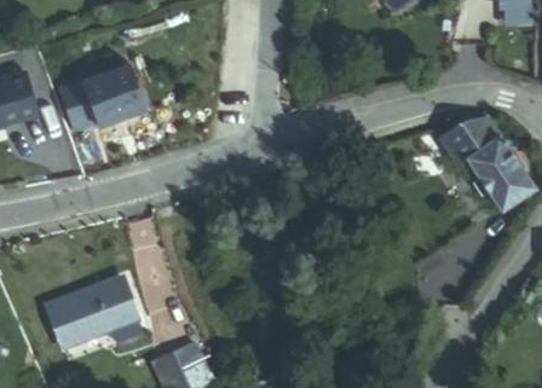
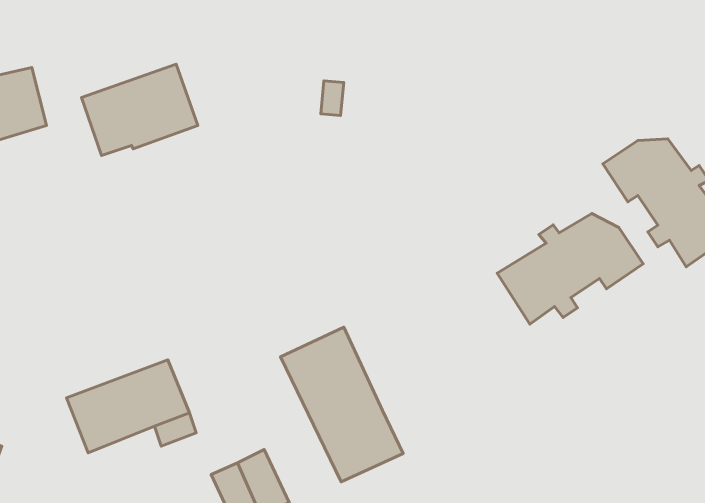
building: none -> [497,214,643,324]
building: none -> [281,327,403,482]

